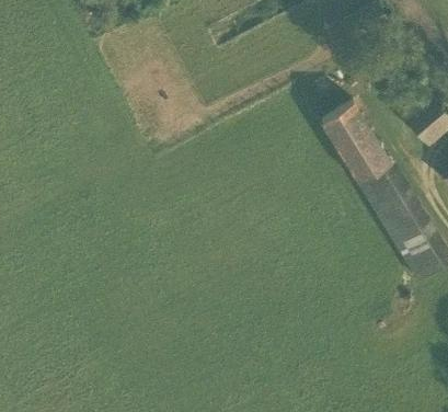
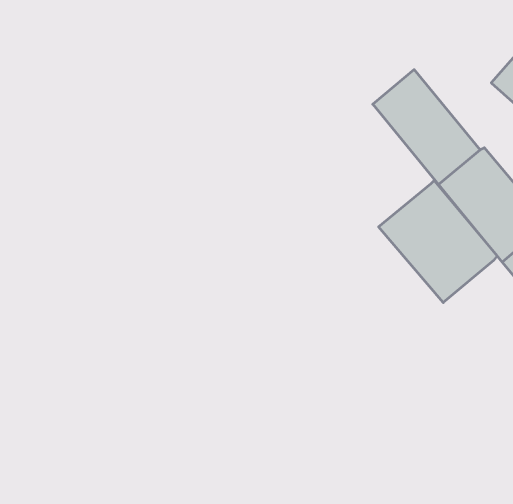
building: none -> [379,181,497,303]

